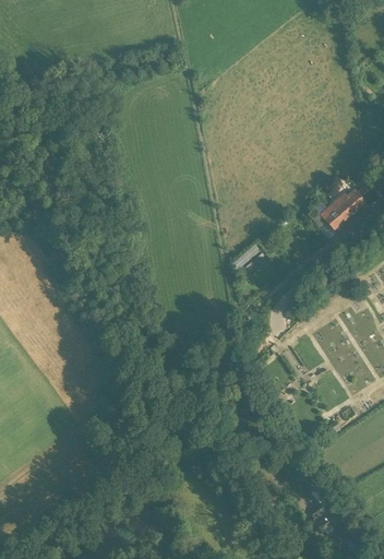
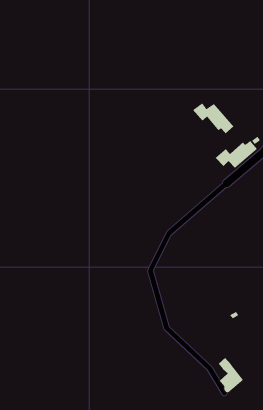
building: none -> [192,103,234,134]

